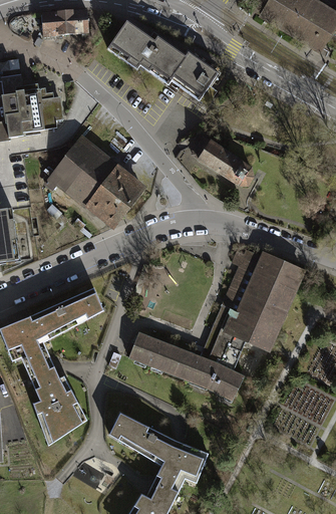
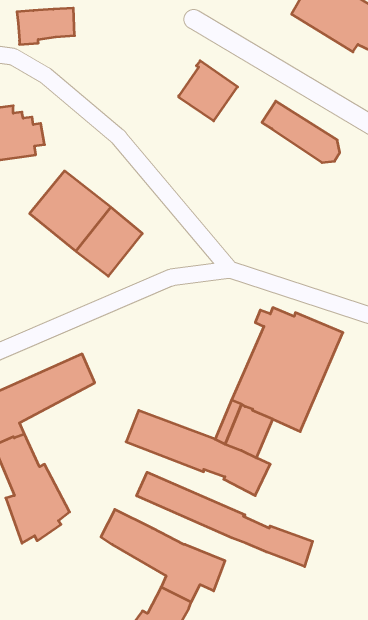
building: [107,21,187,85] -> none
building: [191,137,253,186] -> [262,101,340,163]
building: none -> [137,472,313,567]

